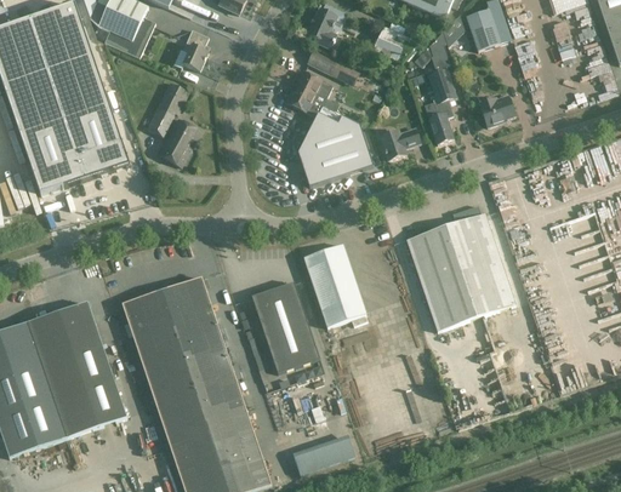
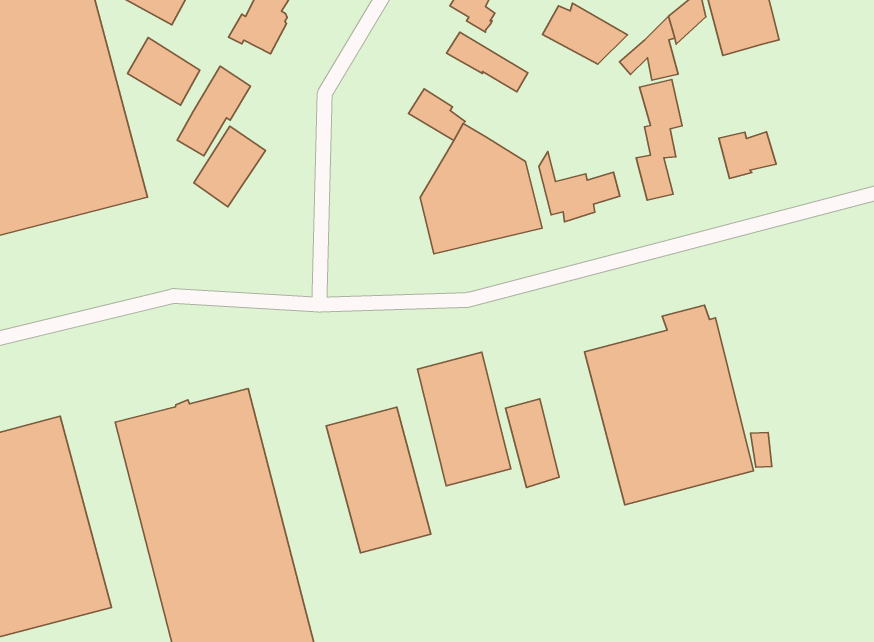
building: none -> [127,37,200,105]
building: [296,70,340,113] -> none
building: none -> [506,399,559,487]

